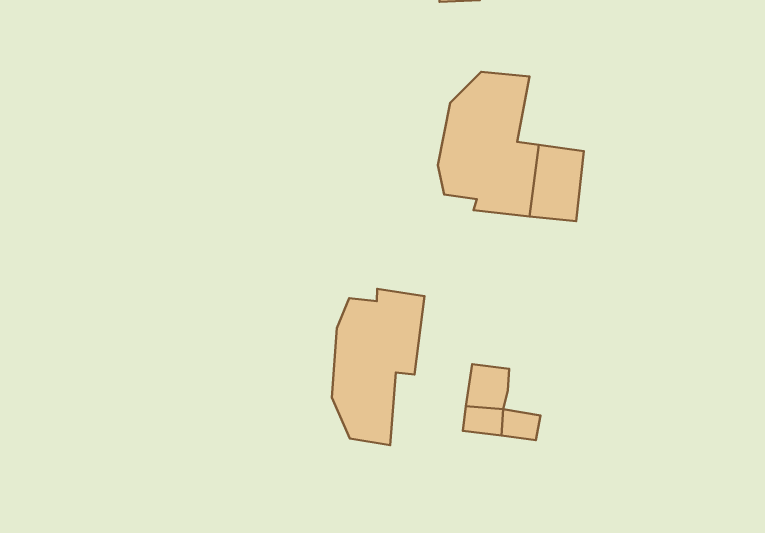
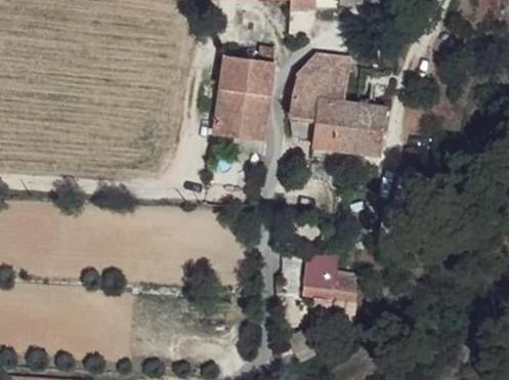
building: none -> [213,46,274,155]
building: [332,289,424,445] -> none

